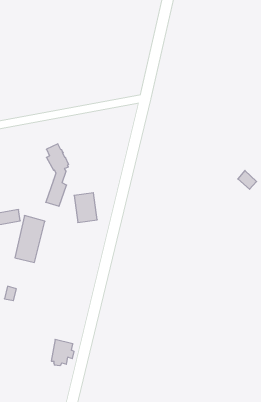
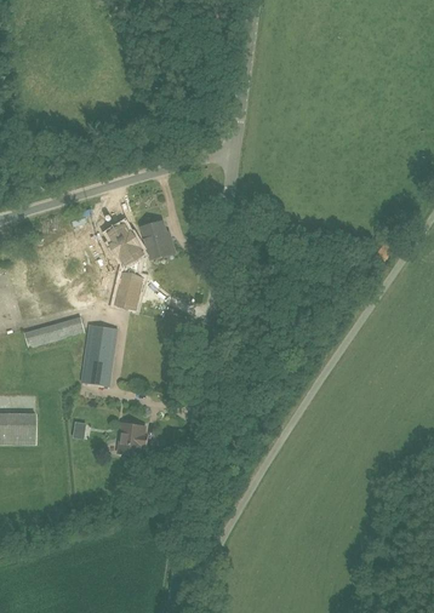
building: [74,193,97,222] -> [141,218,175,259]
building: [51,339,74,366] -> [116,422,145,456]

